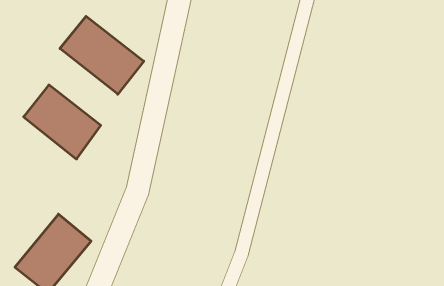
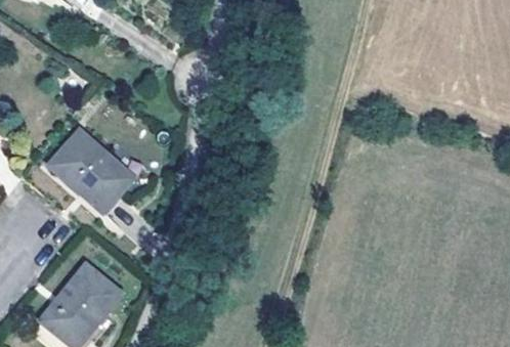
building: [60,16,144,94] -> none

